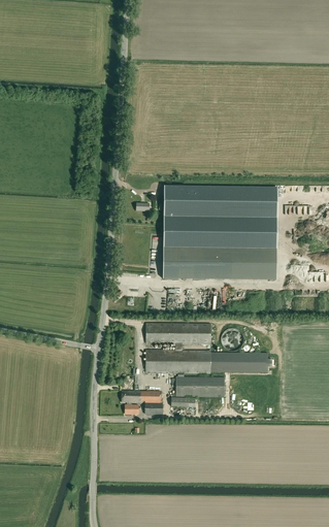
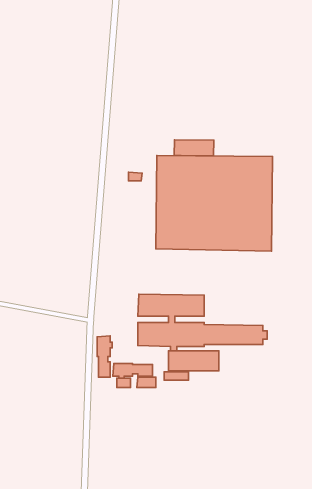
building: none -> [174,140,214,156]
building: none -> [97,336,112,377]

